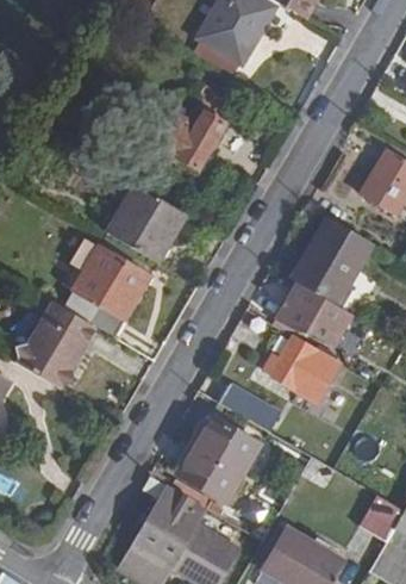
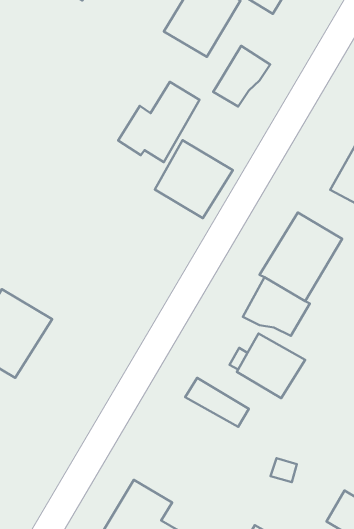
building: none -> [213,46,270,106]
building: [111,186,188,263] -> [155,140,233,218]
building: [73,247,148,337] -> none
building: [179,416,261,501] -> none

